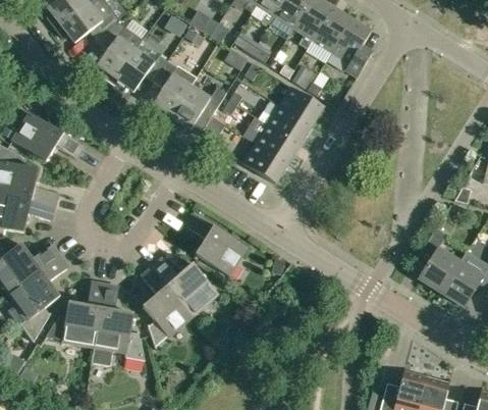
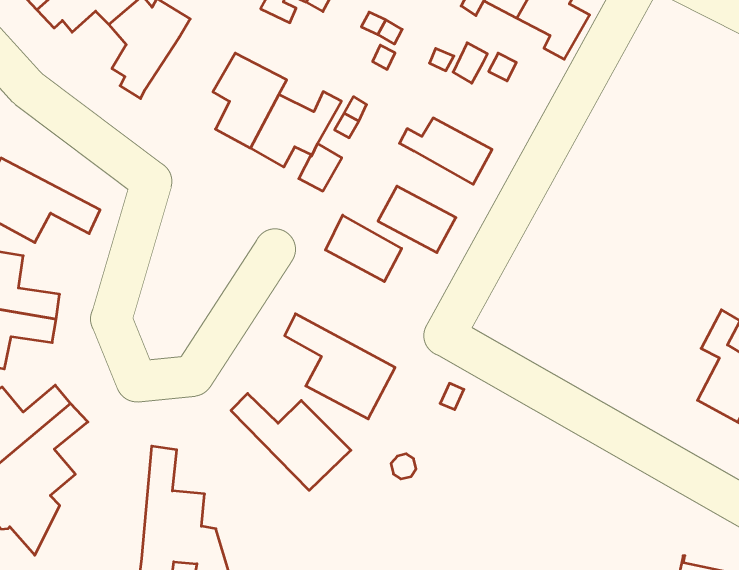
building: [112,49,168,91] -> none
building: [279,86,324,125] -> none
building: [256,123,300,163] -> [325,215,402,282]
building: [142,265,194,346] -> none
building: [46,280,105,347] -> none

